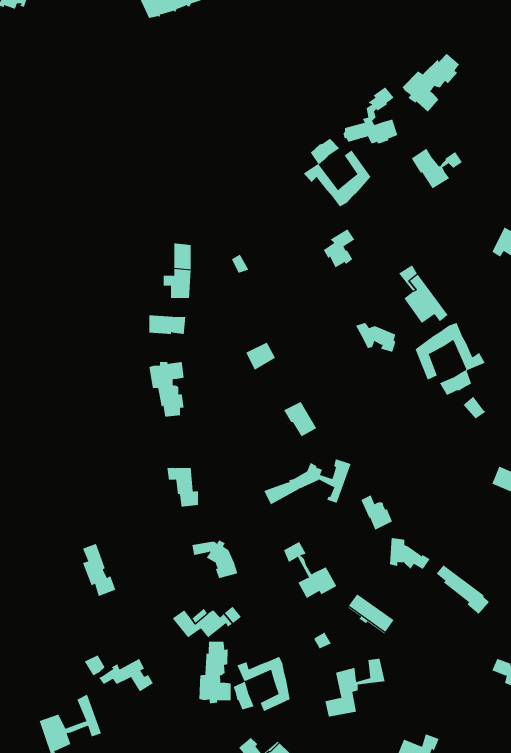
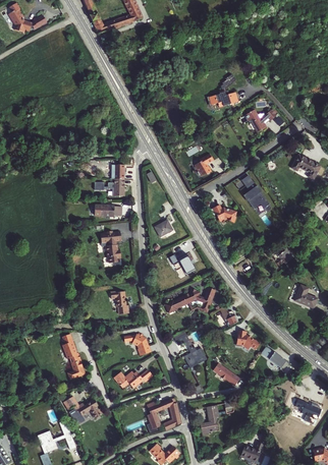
building: [402,53,460,112] -> none
building: [303,138,371,207] -> none
building: [415,322,485,396] -> none
building: [199,641,231,704] -> none

